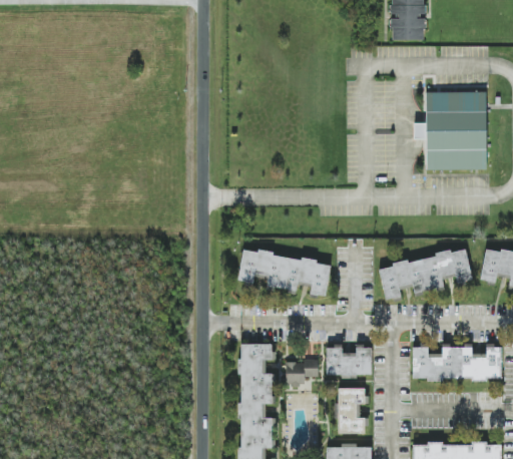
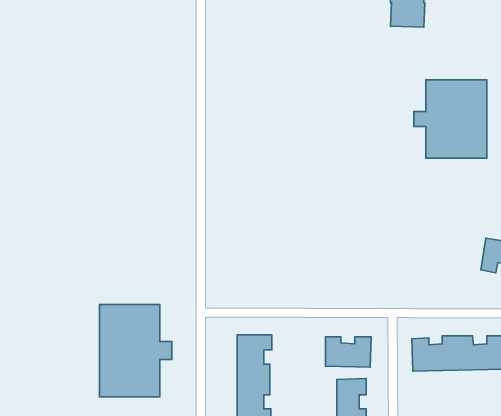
building: [380,249,471,300] -> none
building: [238,250,331,296] -> none
building: none -> [100,304,172,397]
building: [287,361,319,385] -> none

